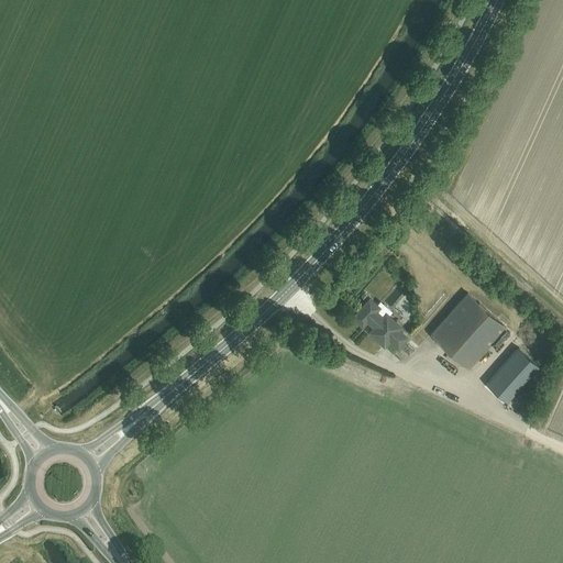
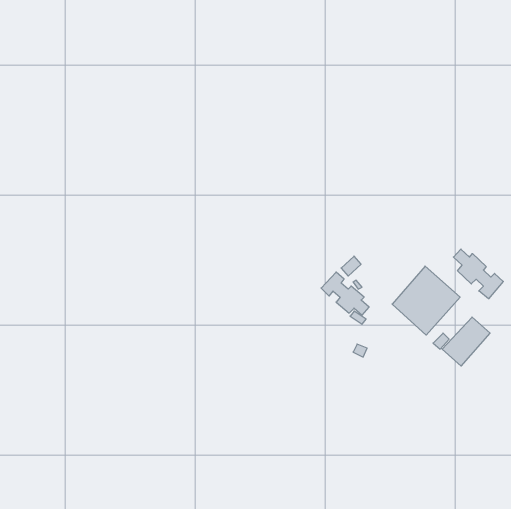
building: none -> [453,249,503,299]

